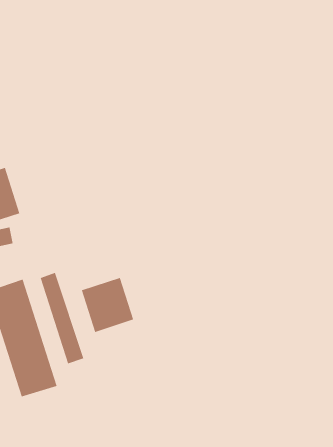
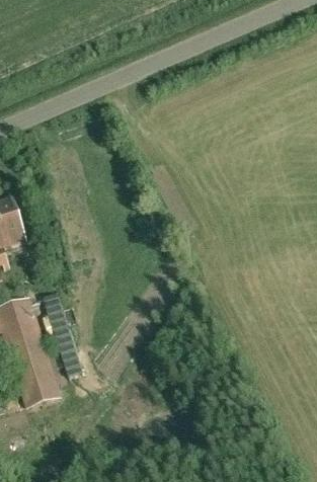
building: [81,277,134,333] -> none

